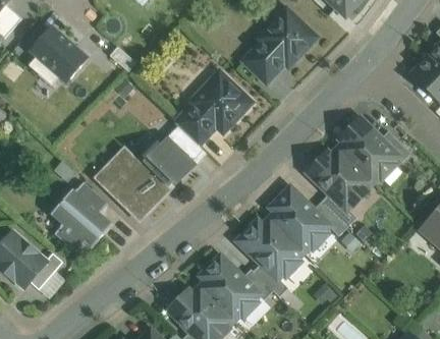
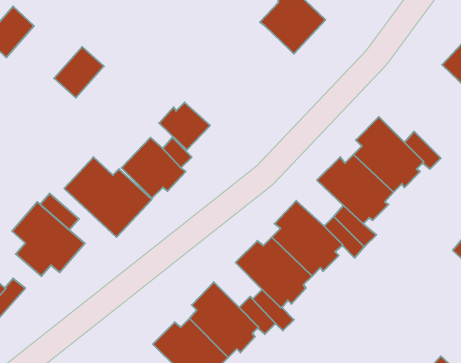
building: [47,42,89,84] -> [54,47,104,98]
building: [245,42,284,80] -> none
building: [192,73,251,131] -> none

